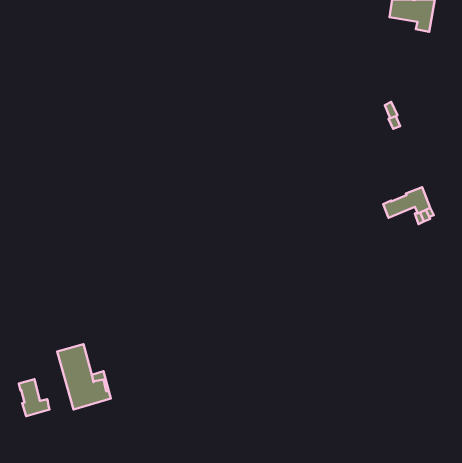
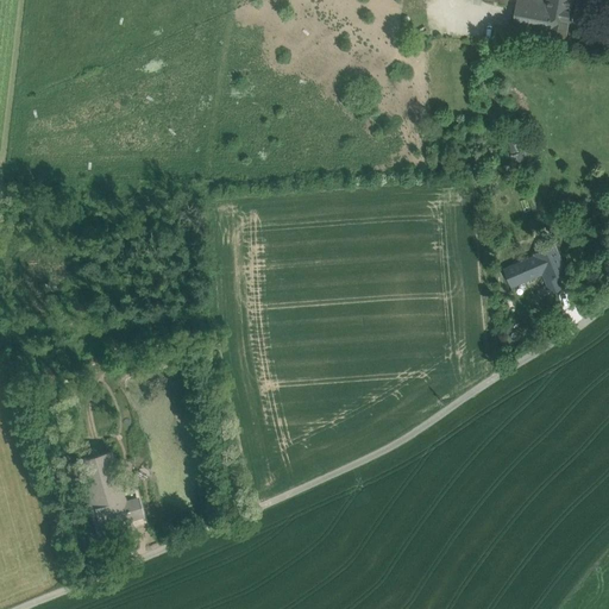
building: [19,379,50,416] -> none

